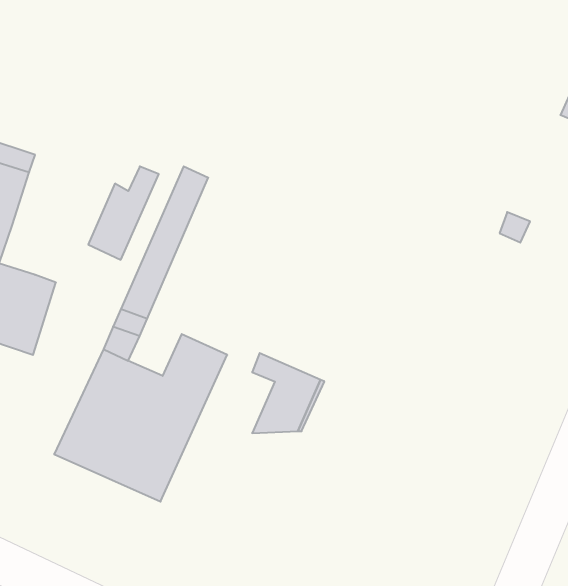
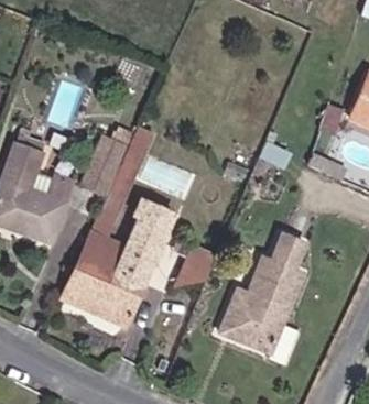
building: none -> [137,201,177,244]
building: none -> [215,236,300,354]

